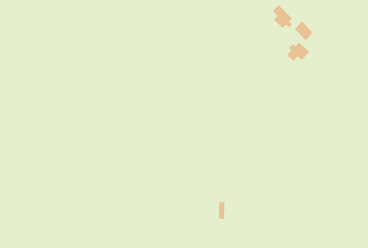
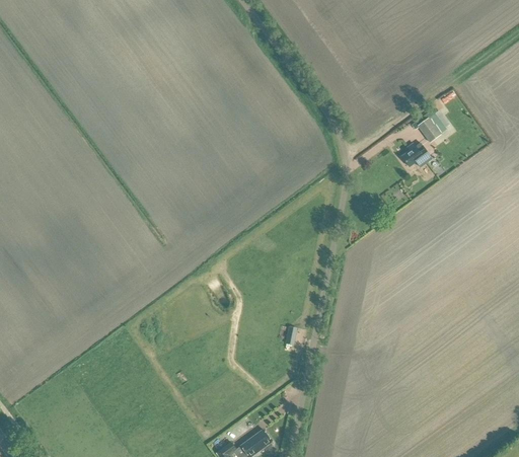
building: [272,4,293,29] -> none

